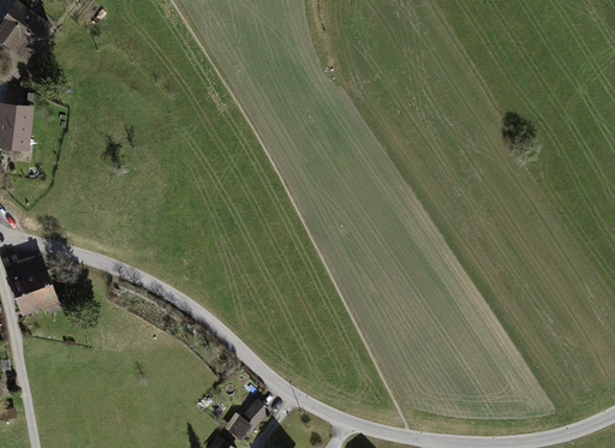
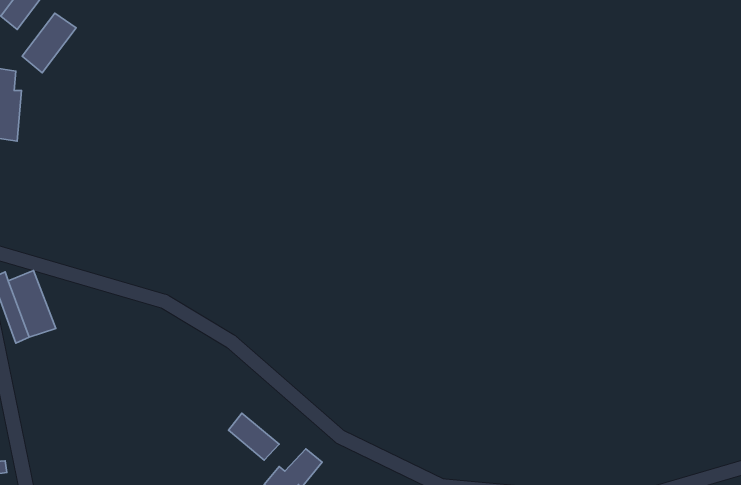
building: none -> [22,13,76,73]
building: none -> [229,413,279,460]

